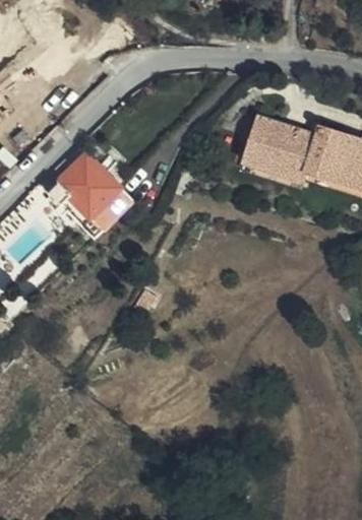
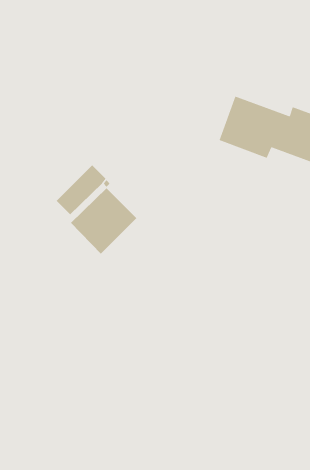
building: [45,153,116,224] -> [70,187,137,254]

